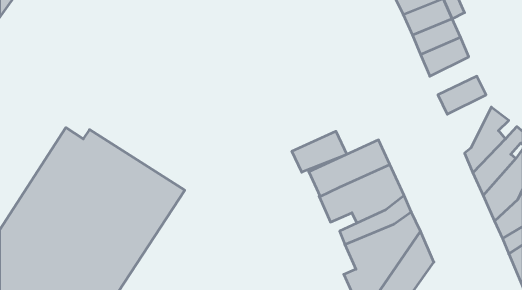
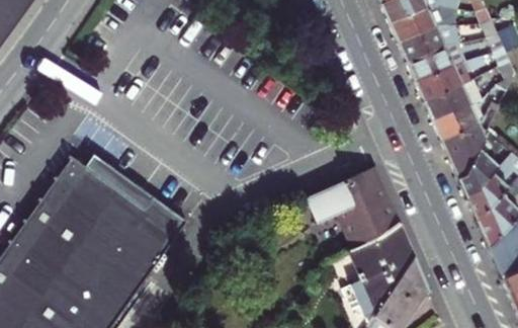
building: none -> [426,83,472,120]
building: none -> [443,120,487,178]
building: [292,131,347,172] -> none

